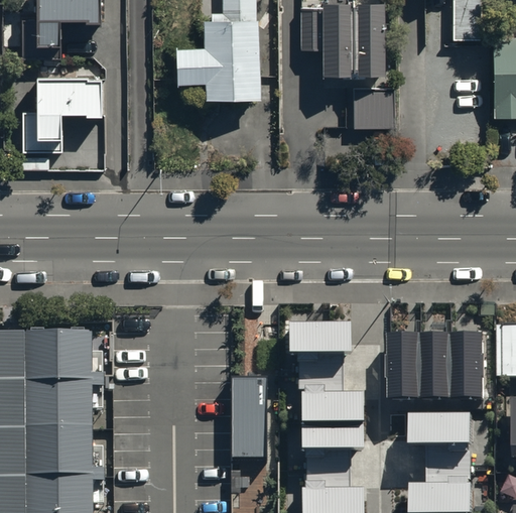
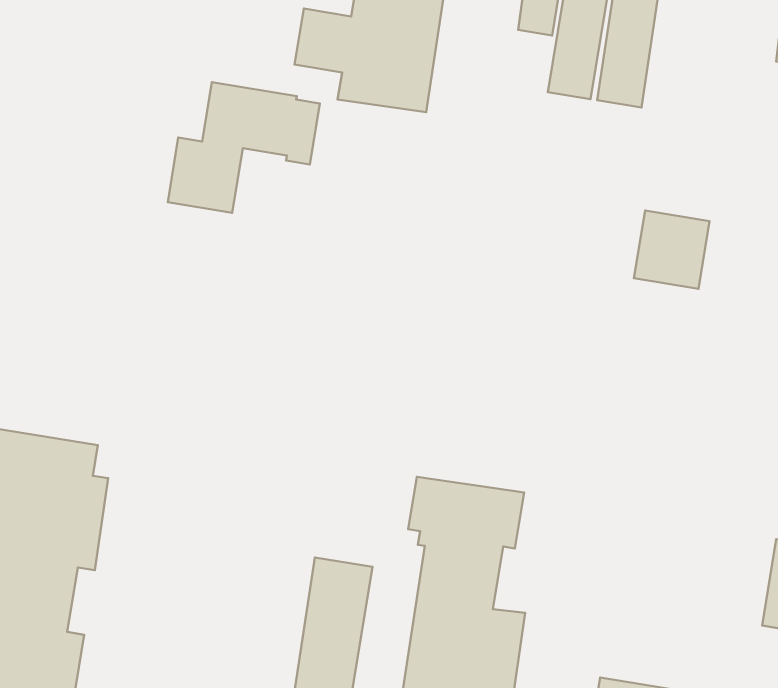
building: [19,82,98,155] -> [168,82,320,213]
building: [355,88,393,128] -> [634,210,710,289]
building: [391,335,484,398] -> none

